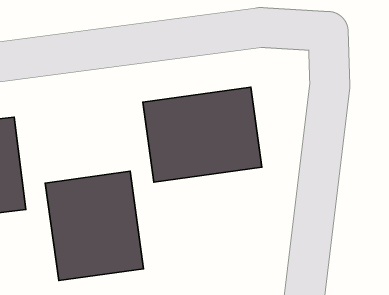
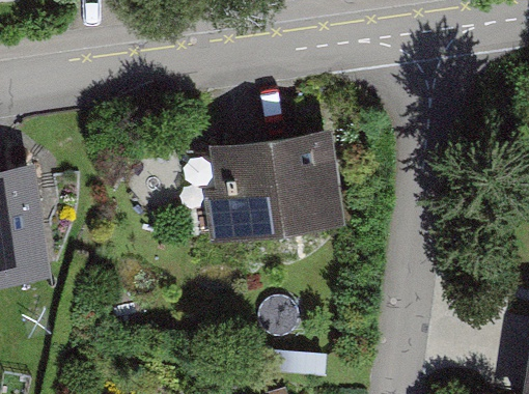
building: [45,171,144,281] -> none

